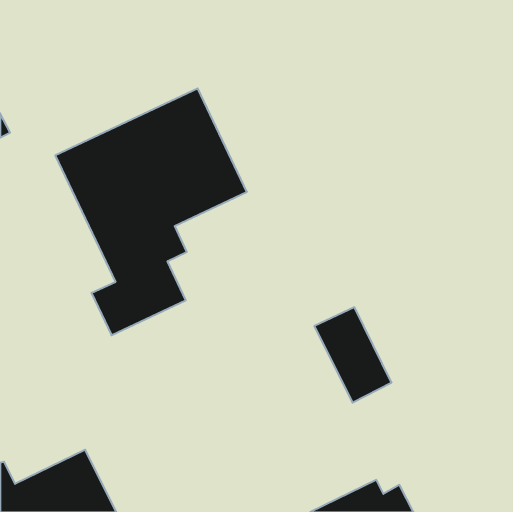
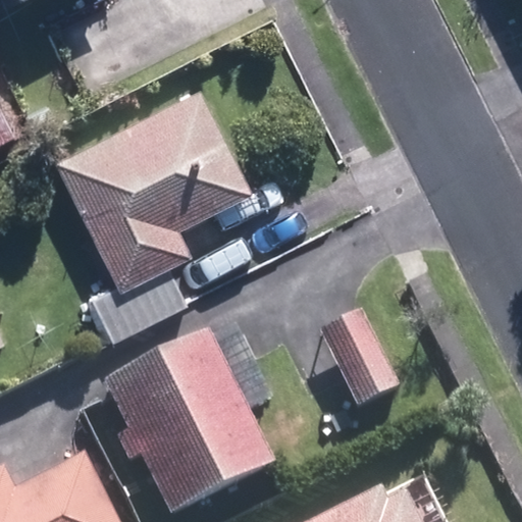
building: none -> [104,327,272,516]

